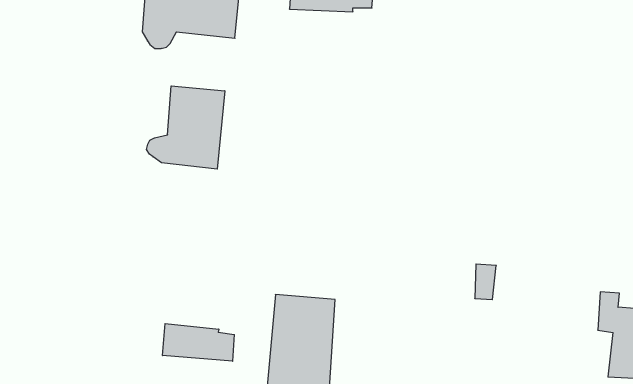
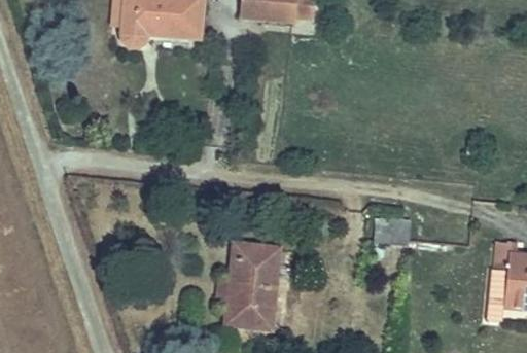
building: [147,86,225,169] -> none
building: [163,324,234,361] -> none

